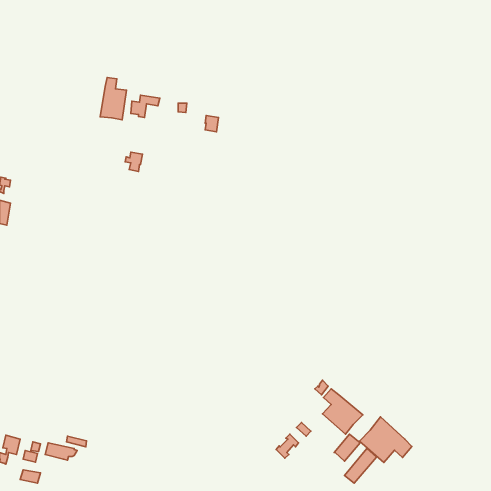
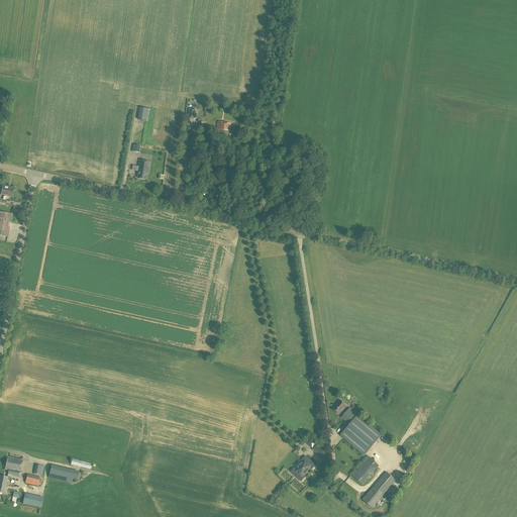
building: [100,77,126,120] -> none
building: [360,417,412,463] -> none

